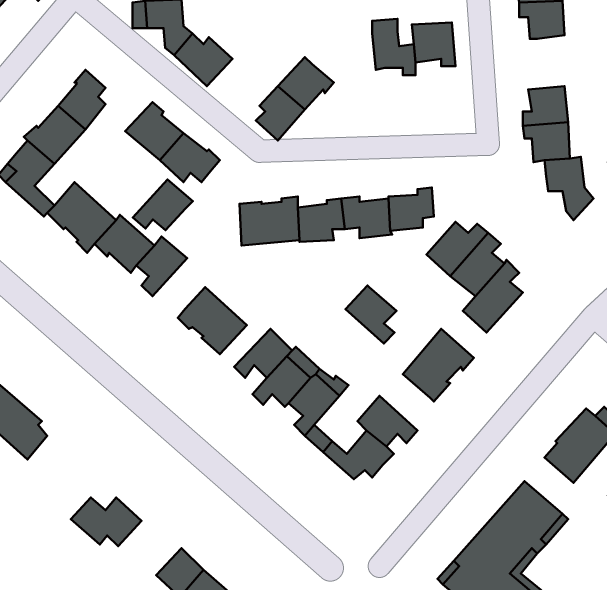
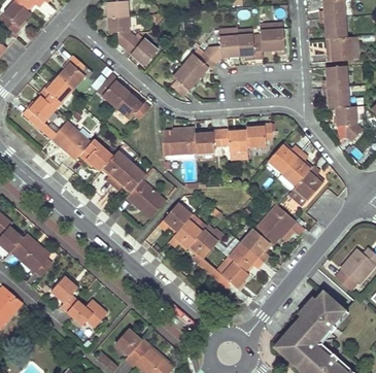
building: none -> [203,36,239,64]
building: none -> [328,37,352,62]
building: [133,180,193,230] -> [112,164,146,193]
building: [346,285,396,343] -> [241,229,270,262]
building: none -> [52,277,77,312]

